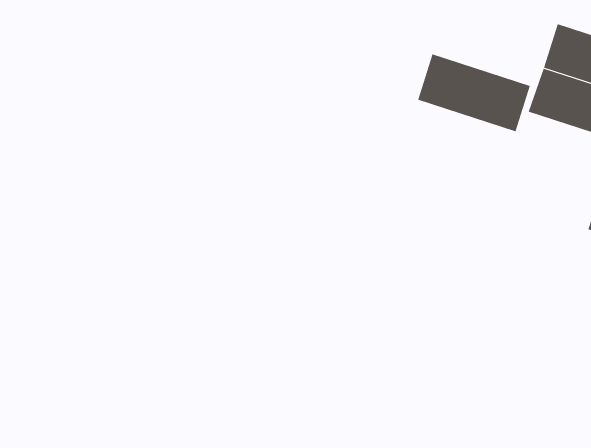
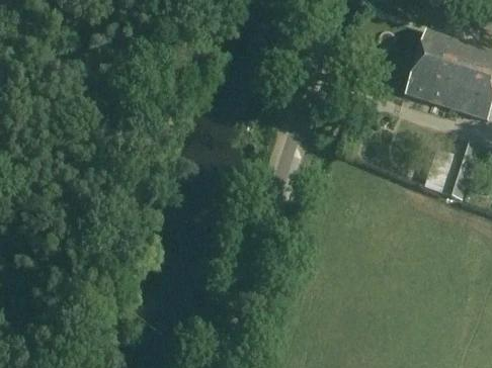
building: [417,53,530,132] -> none

